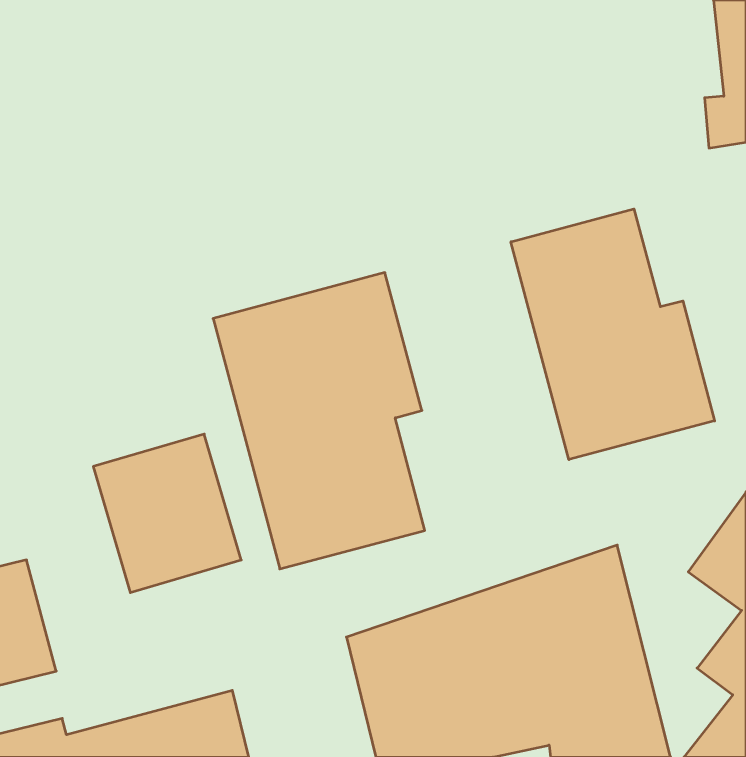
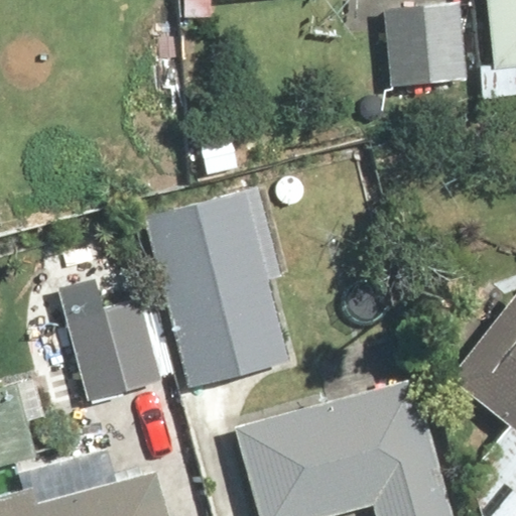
building: none -> [384,4,464,89]
building: [511,209,715,460] -> none

